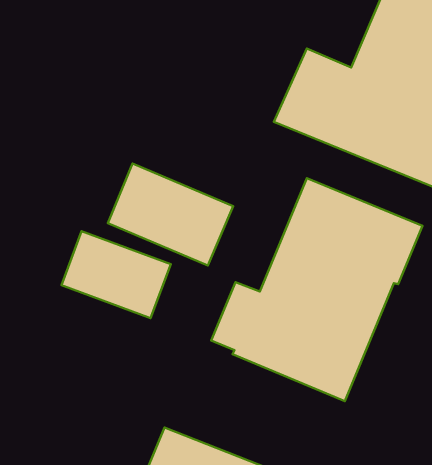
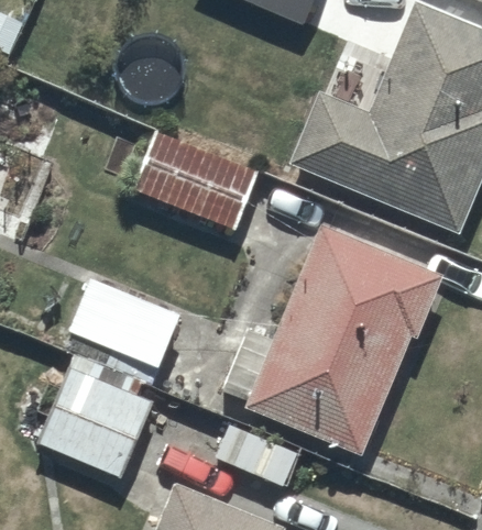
building: [108,164,233,266] -> [129,128,259,233]
building: none -> [36,368,152,478]

